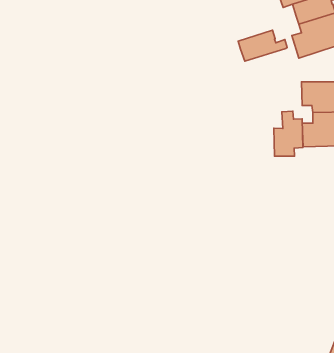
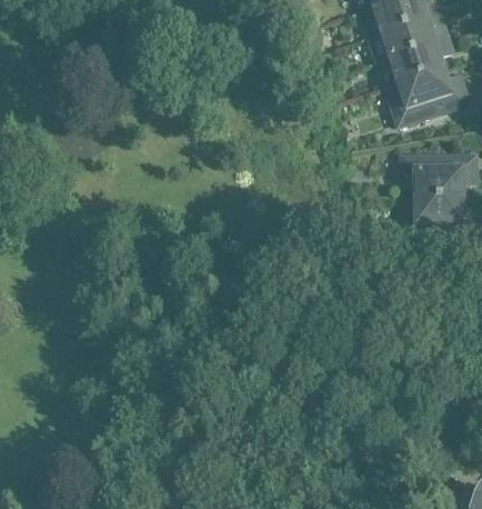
building: [238,30,287,61] -> none
building: [274,111,303,156] -> none

